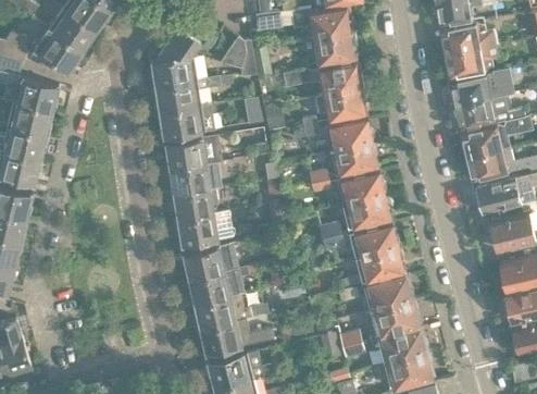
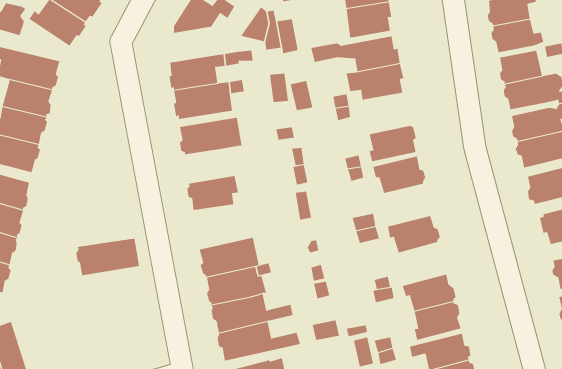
building: [152,56,197,87] -> none
building: [326,119,373,151] -> none
building: [170,162,221,196] -> none
building: [347,196,389,230] -> none
building: [176,212,234,246] -> [76,238,140,276]
building: [361,248,403,283] -> none

